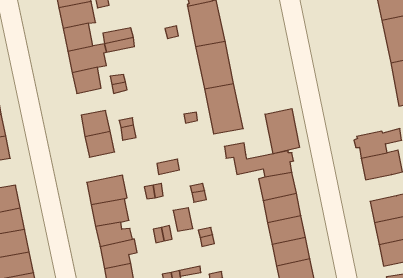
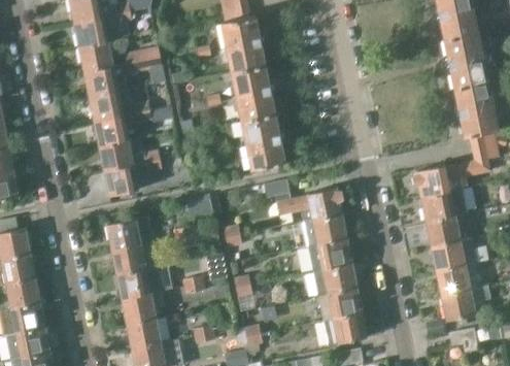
building: none -> [95,117,128,147]
building: [265,109,299,154] -> none
building: none -> [426,215,461,246]

